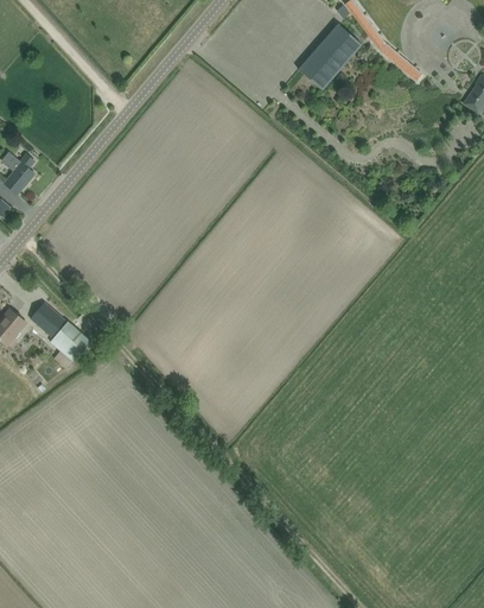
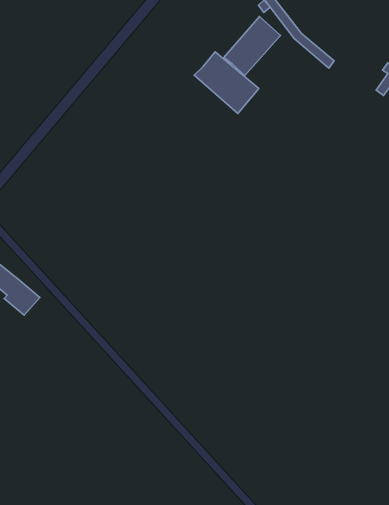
building: none -> [194,52,259,113]

